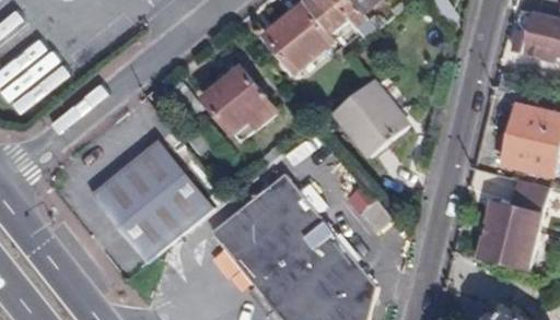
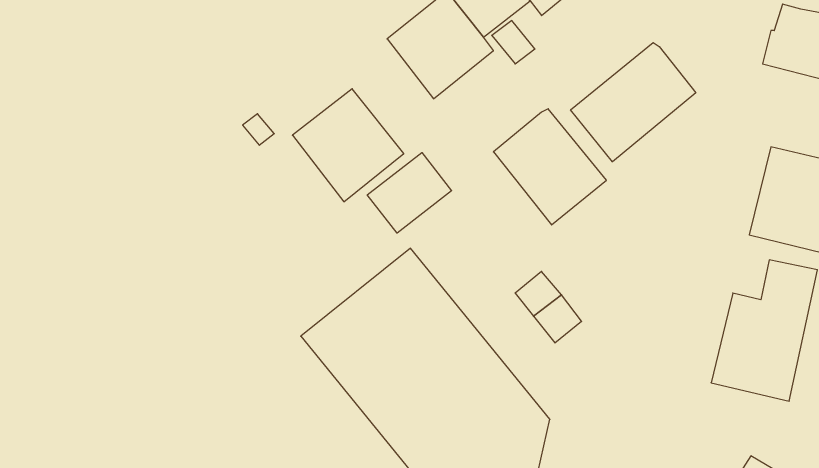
building: none -> [571,43,696,162]
building: none -> [367,153,452,233]
building: [89,138,213,262] -> none

